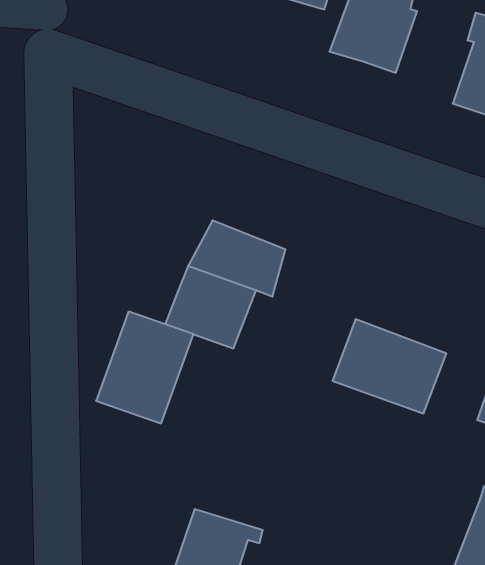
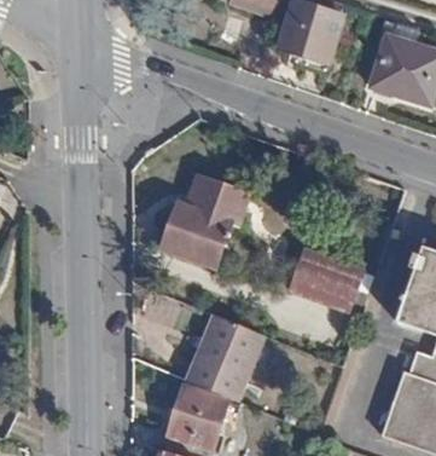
building: [96,312,194,423] -> [188,317,261,400]

